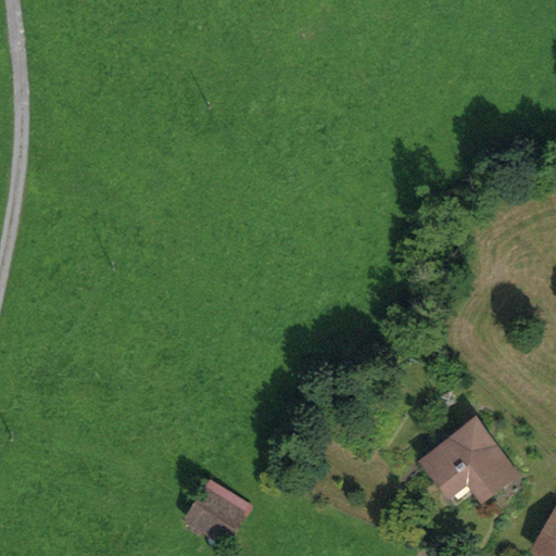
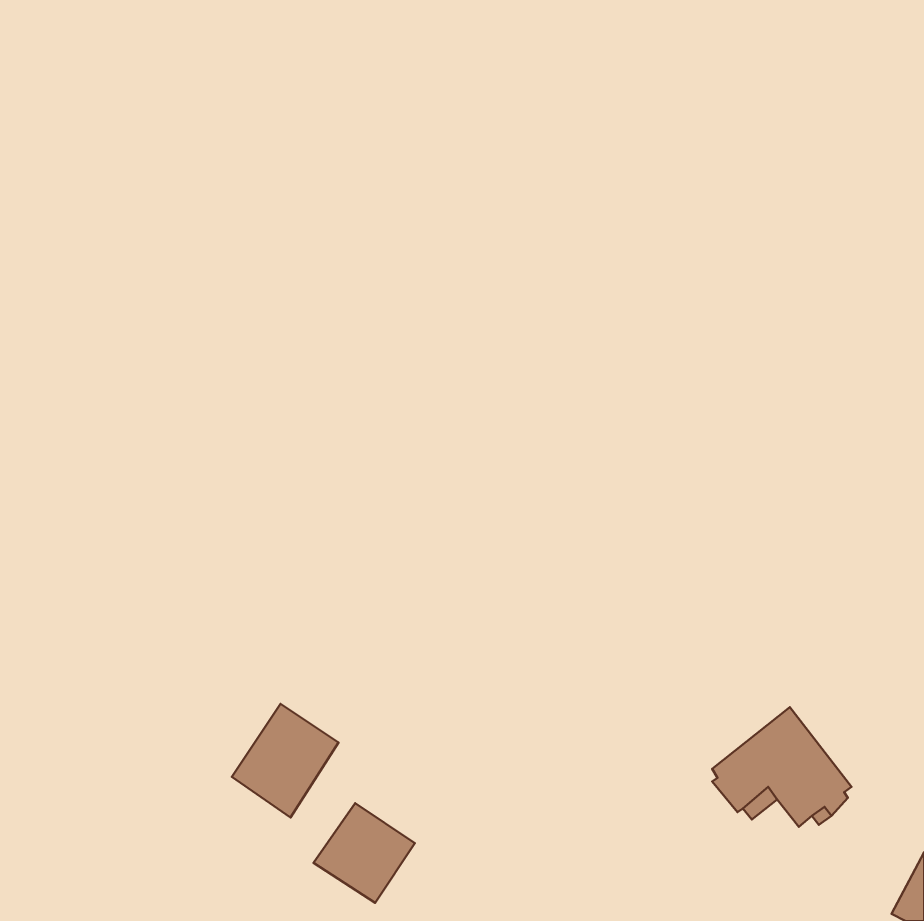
building: none -> [232,704,338,817]

